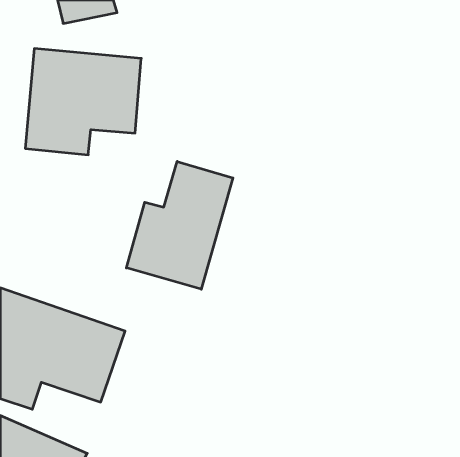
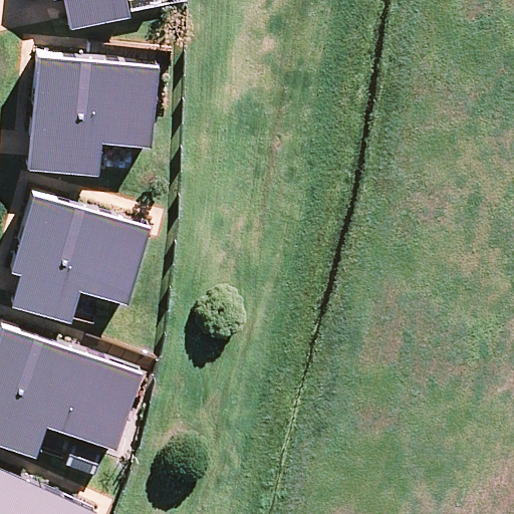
building: [126,161,233,289] -> none
building: none -> [10,193,149,321]

